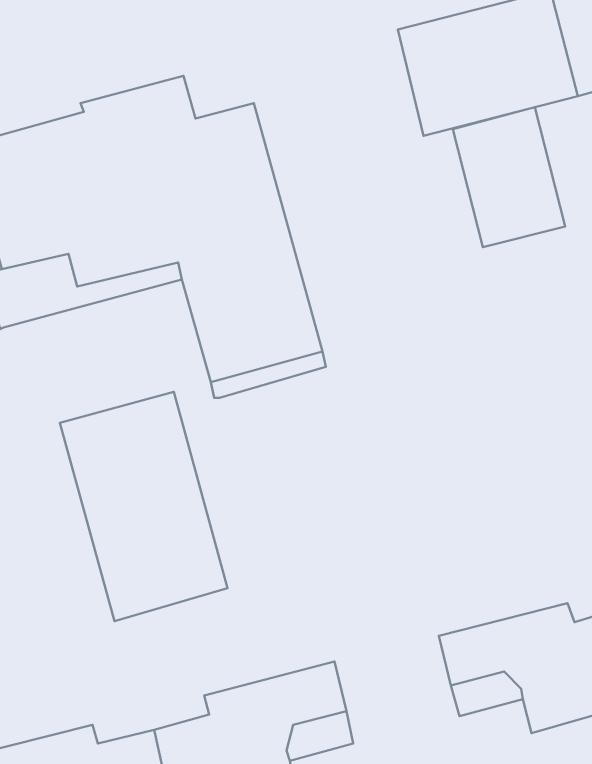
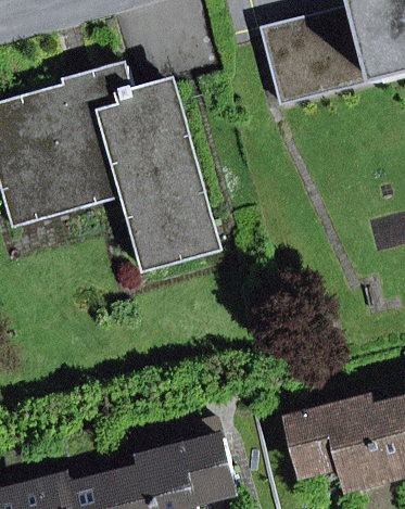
building: [453,107,565,247] -> none
building: [60,392,228,621] -> none

